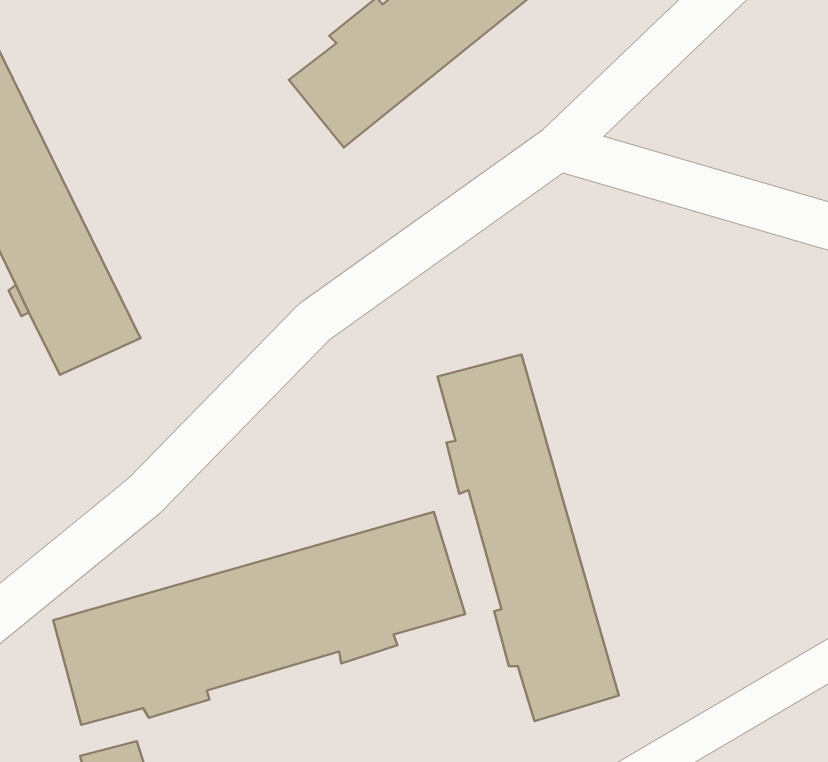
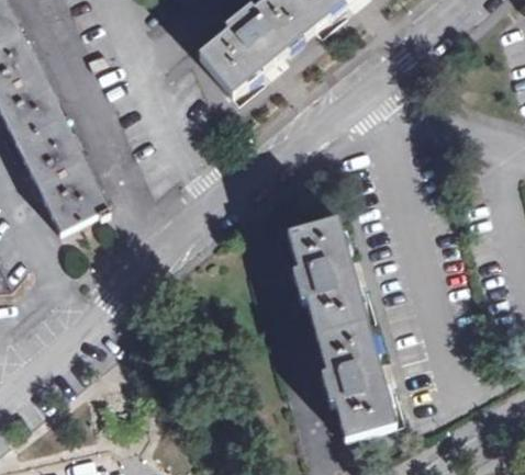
building: [53,512,465,725] -> none

